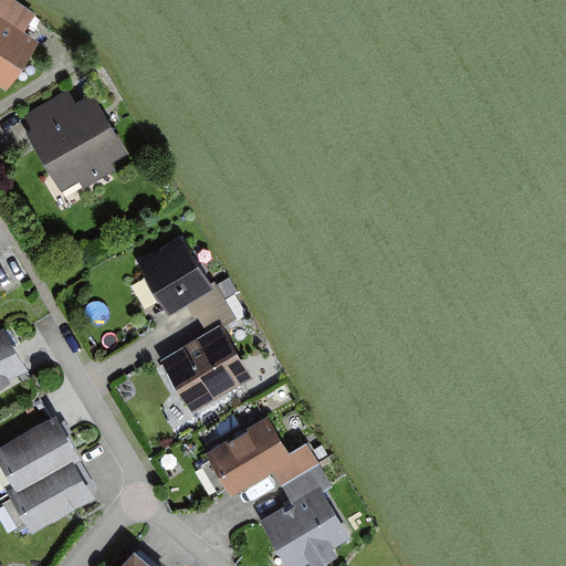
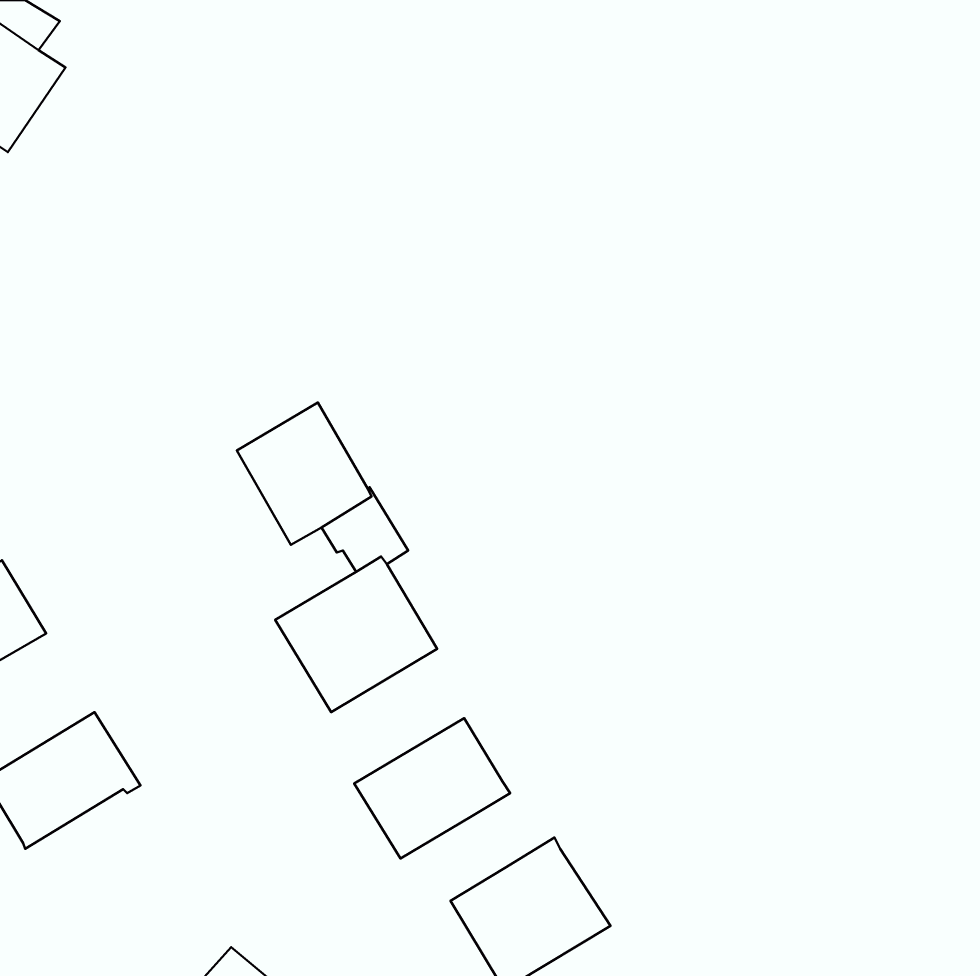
building: [22,92,126,193] -> none
building: [271,443,331,503] -> none
building: [6,458,95,534] -> none

